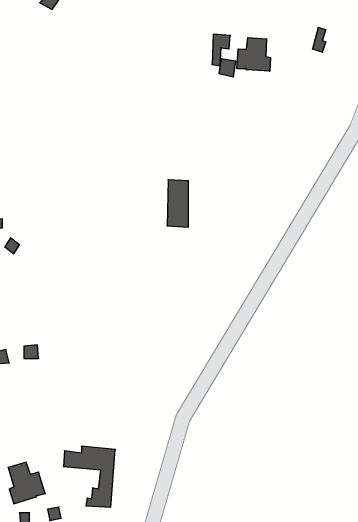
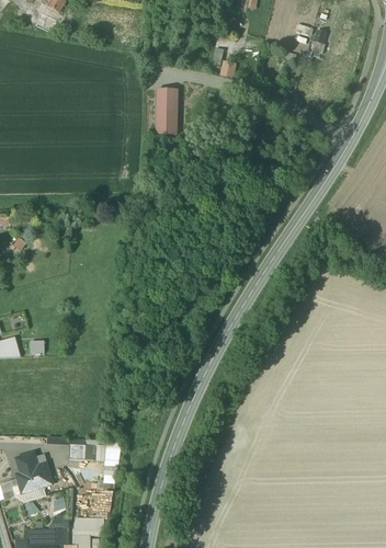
building: [237,38,271,71] -> none
building: [167,180,188,227] -> [156,88,177,134]

